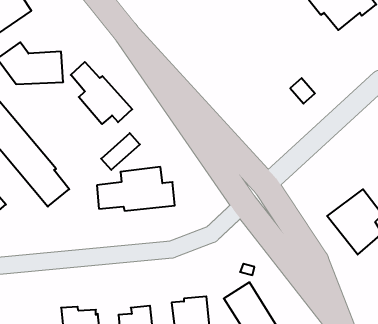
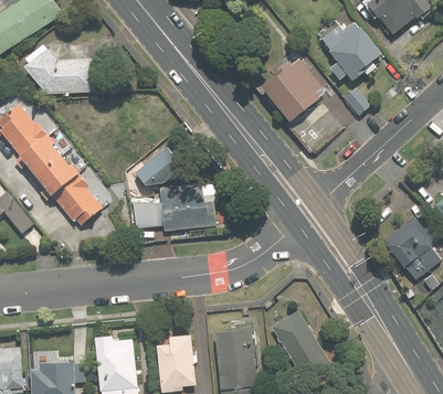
building: none -> [318,20,382,81]
building: none -> [262,57,326,123]
building: [71,62,132,124] -> none

